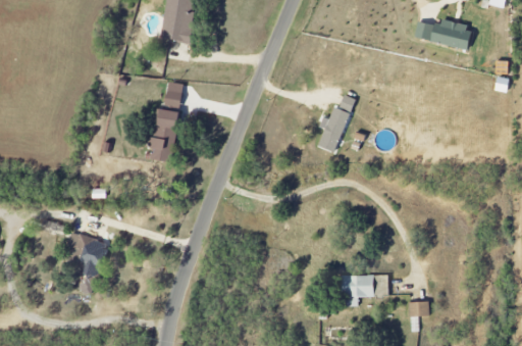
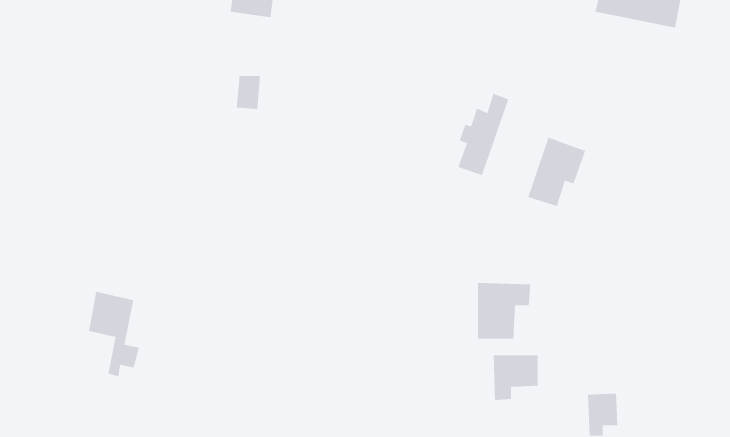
building: [149,108,178,161] -> none
building: none -> [527,137,586,207]
building: none -> [477,282,531,340]

